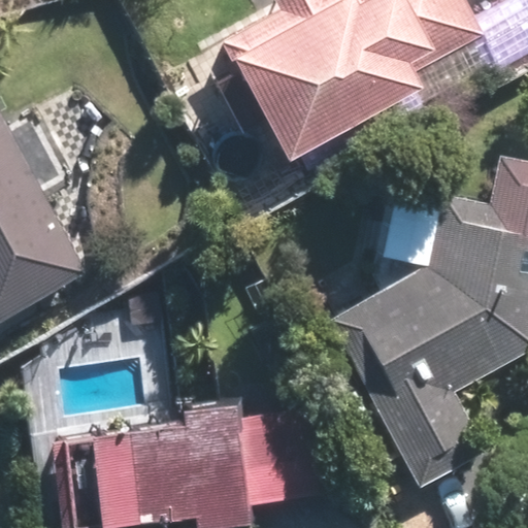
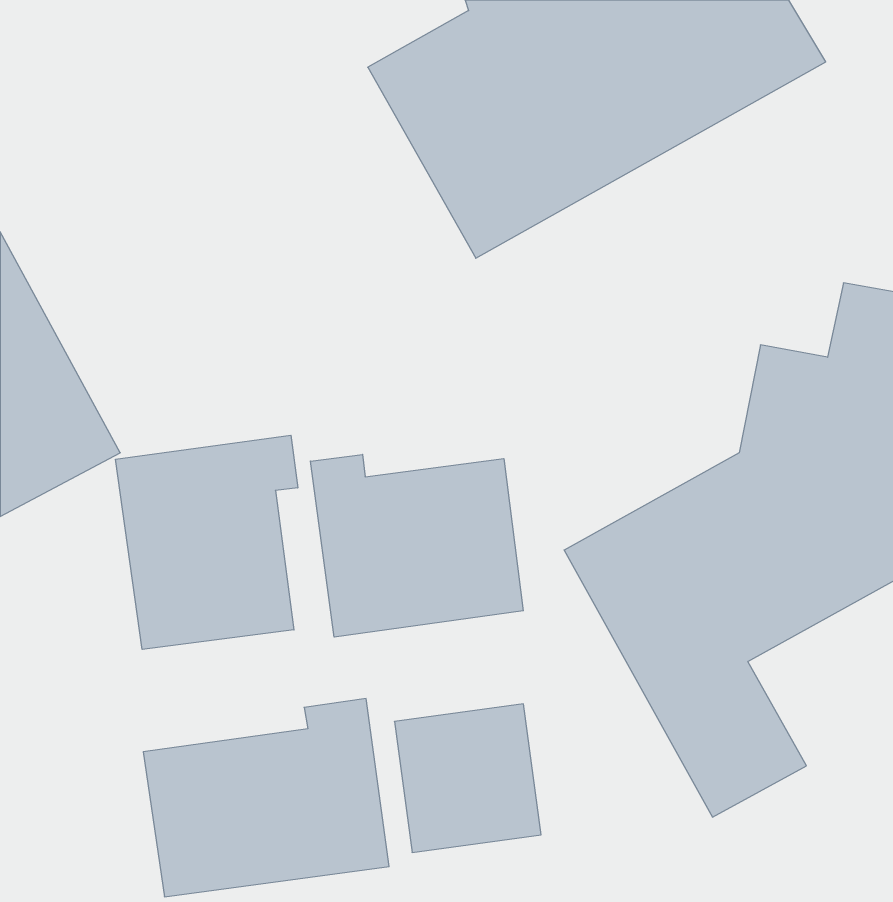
building: none -> [116,435,298,649]
building: none -> [310,454,523,637]

